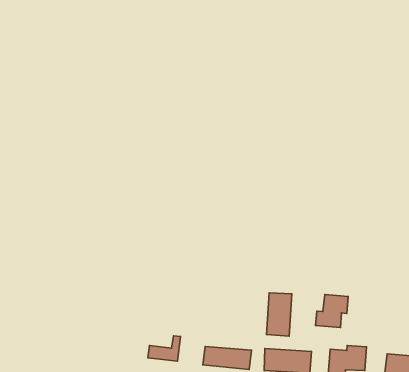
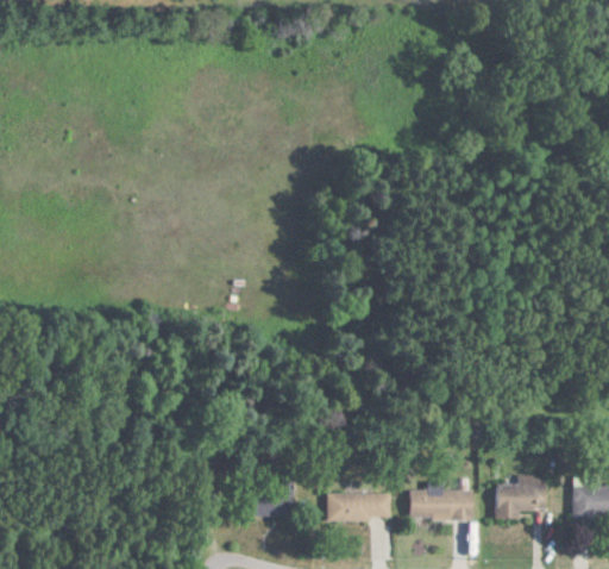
building: [267,293,292,336] -> none
building: [316,295,348,328] -> none

